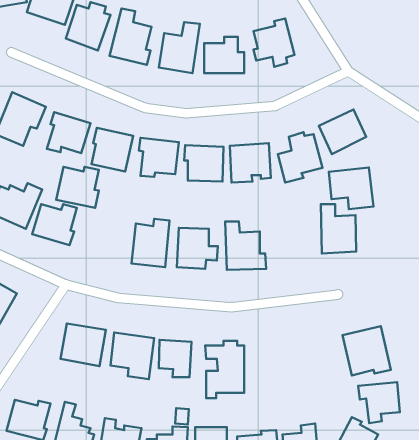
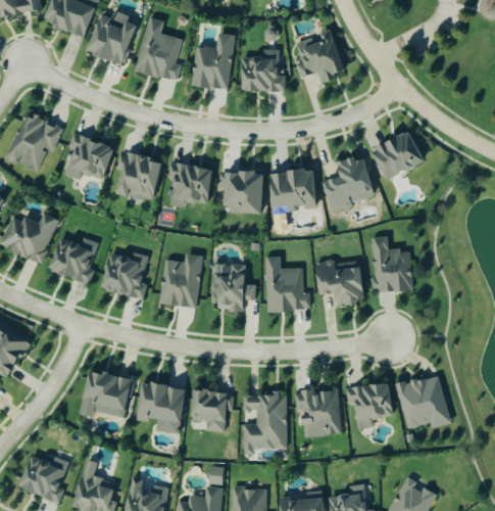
building: [56,167,99,208] -> [100,252,148,298]
building: [329,167,373,209] -> [314,259,364,306]
building: none -> [297,389,341,437]
building: [358,382,400,423] -> [345,383,392,429]

